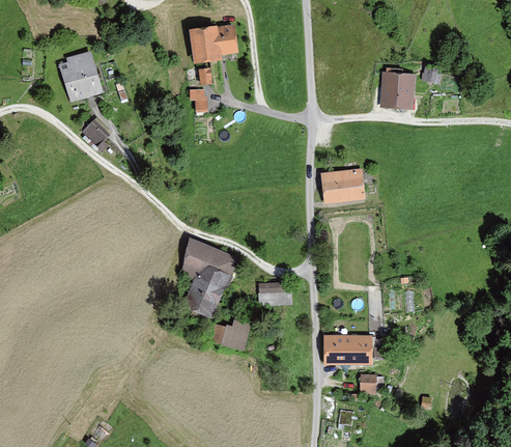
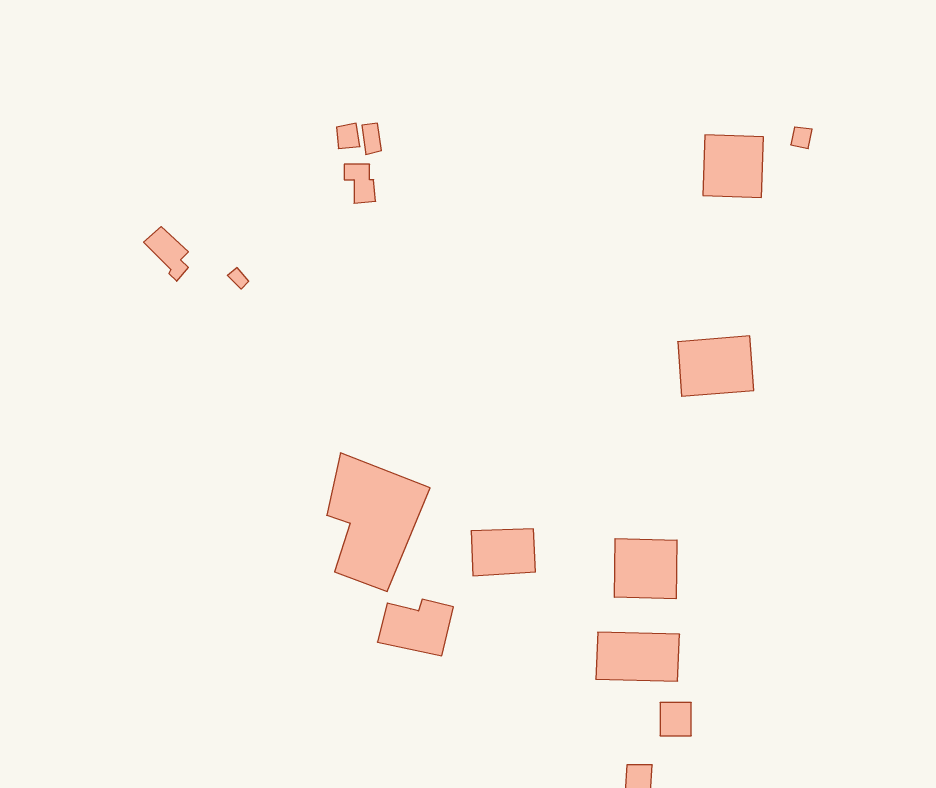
building: [191,26,234,60] -> none
building: [59,56,98,101] -> none
building: [322,170,363,202] -> [678,336,754,396]
building: none -> [614,539,677,599]

